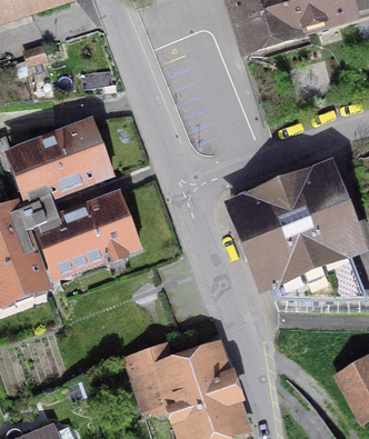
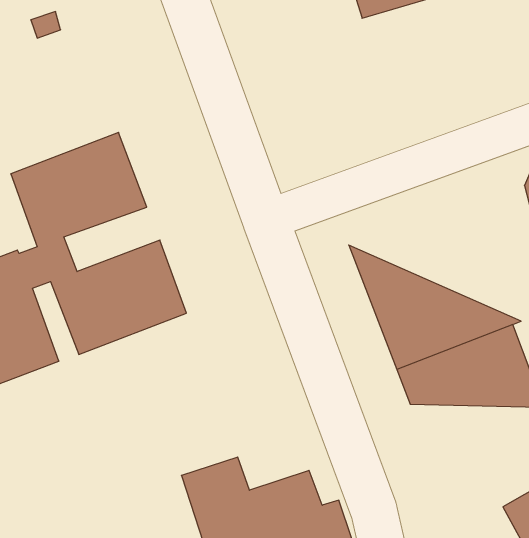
building: [238,169,353,252] -> none

